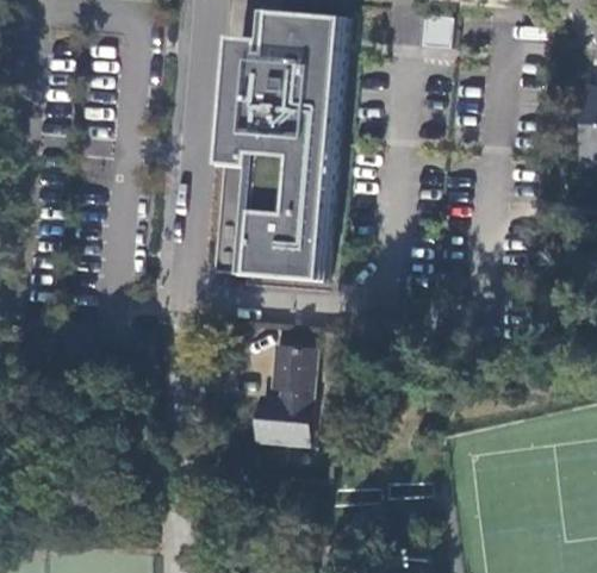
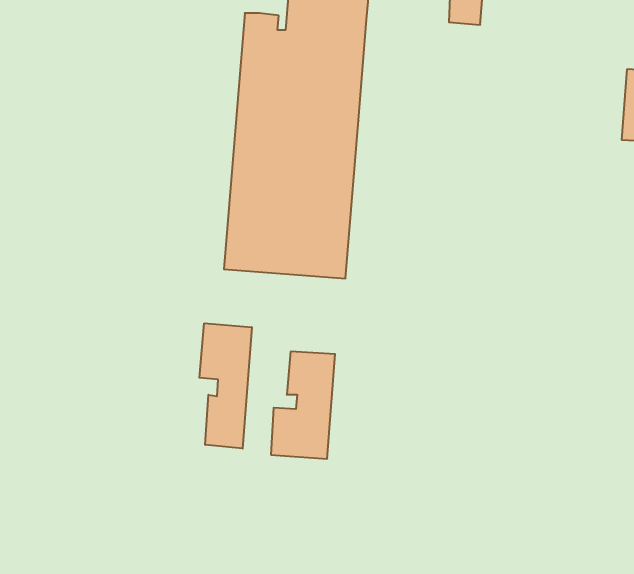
building: none -> [199,323,252,449]

